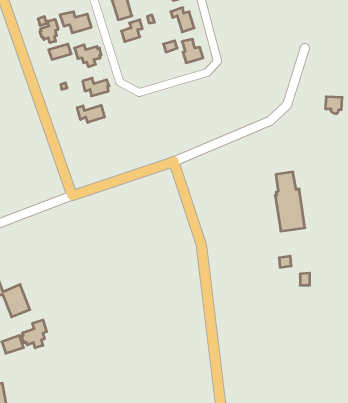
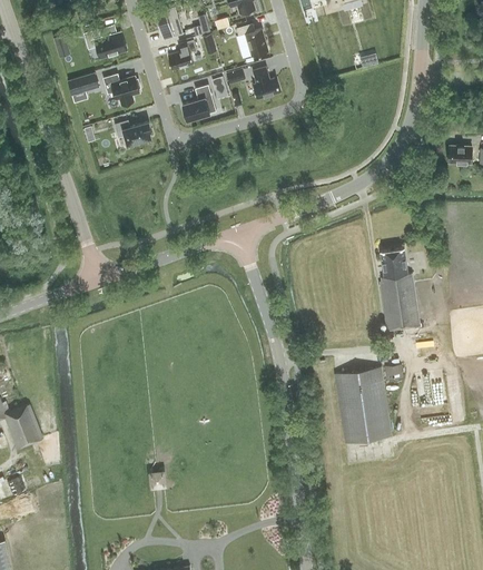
building: [40,19,58,43] -> none
building: none -> [183,85,216,120]
building: [77,105,104,123] -> none
building: none -> [335,367,392,443]
building: [22,320,47,348] -> none

